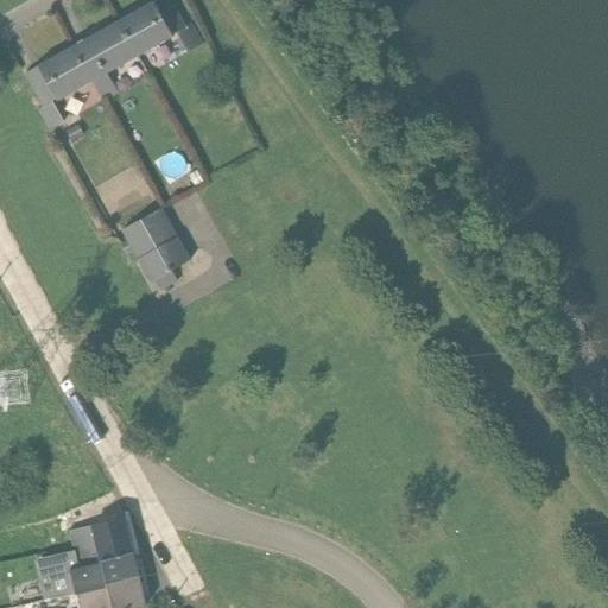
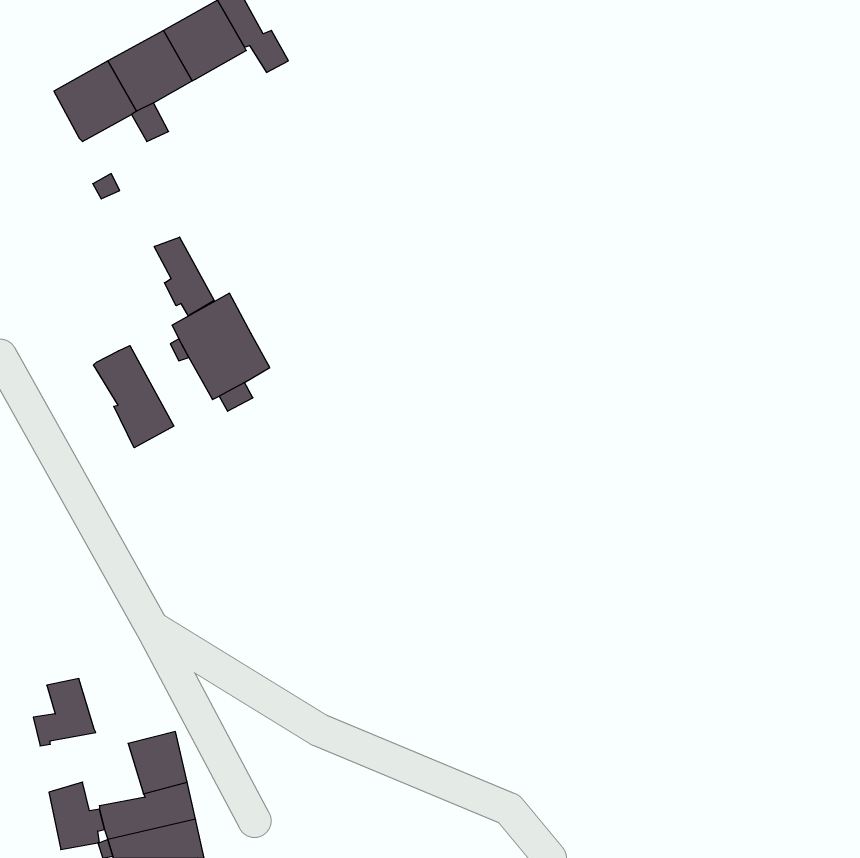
building: [25,64,65,129] -> none
building: none -> [154,237,214,316]
building: none -> [93,346,174,448]
building: [59,524,103,571] -> [33,679,96,746]

